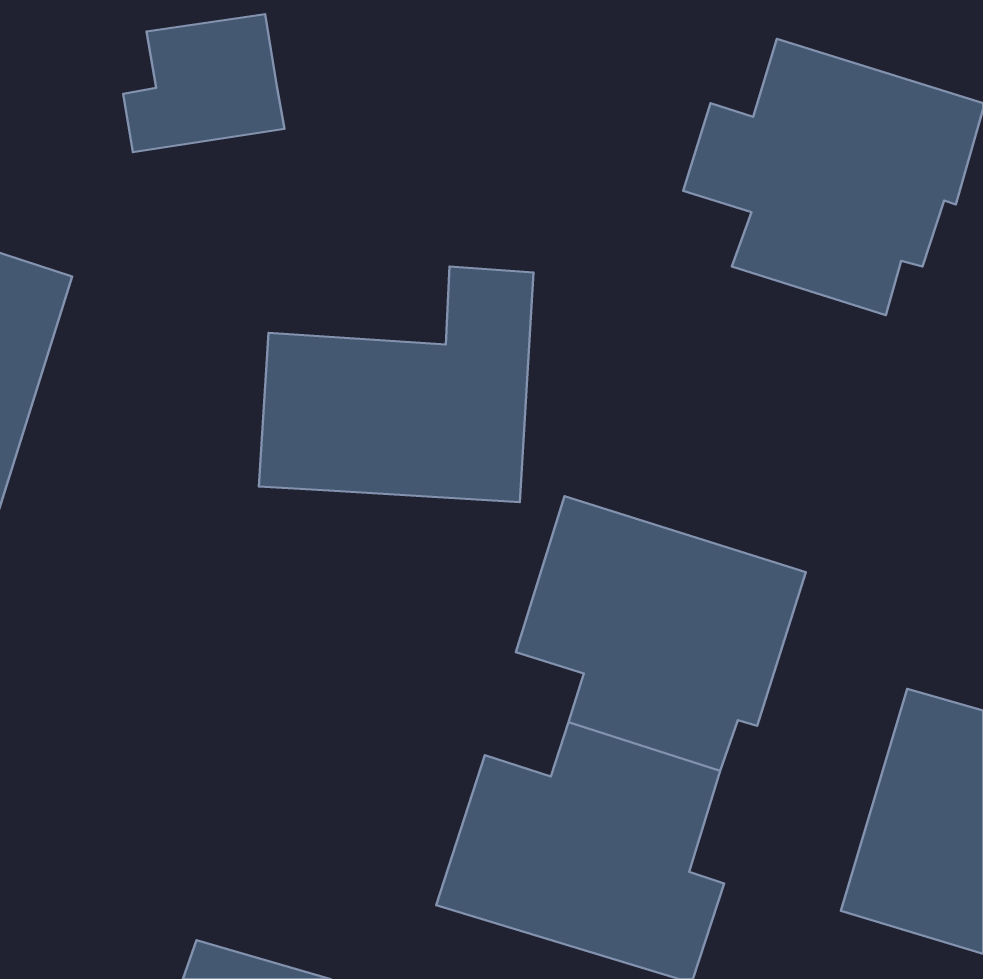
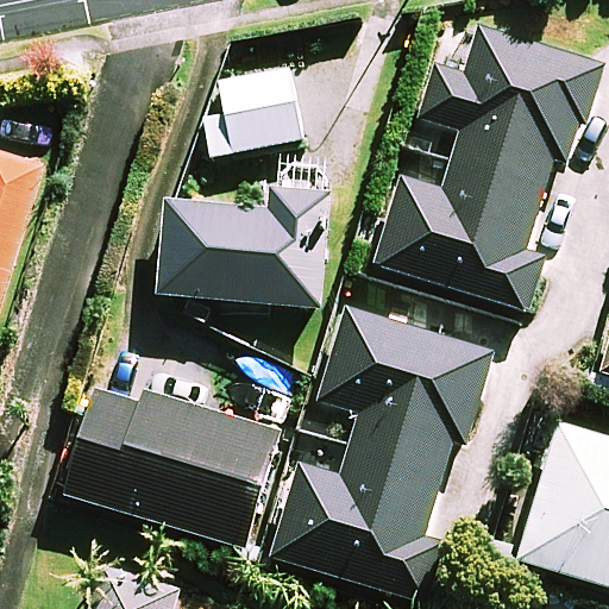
building: [123,14,285,152] -> [201,68,300,152]
building: none -> [370,163,545,312]
building: none -> [64,390,277,547]

